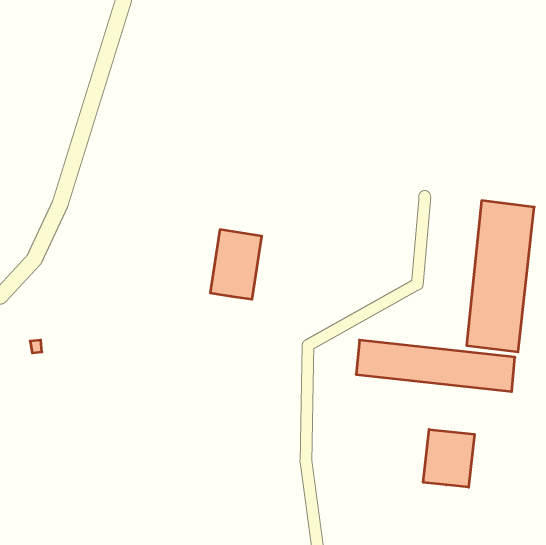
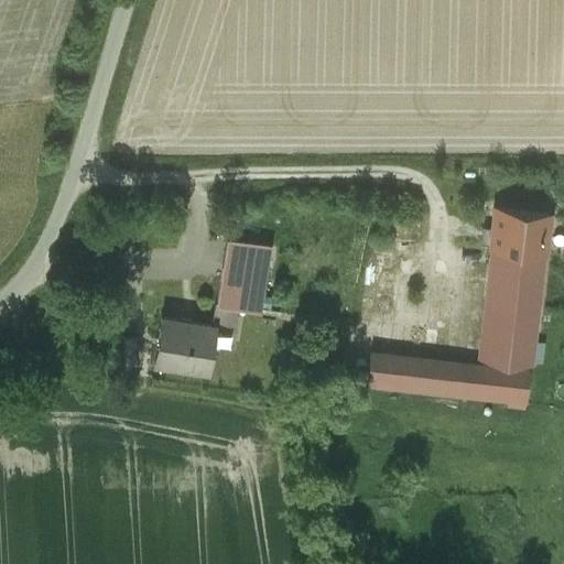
building: none -> [155,304,239,370]
building: [423,429,474,487] -> none

